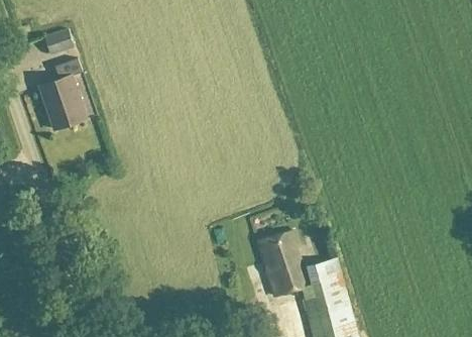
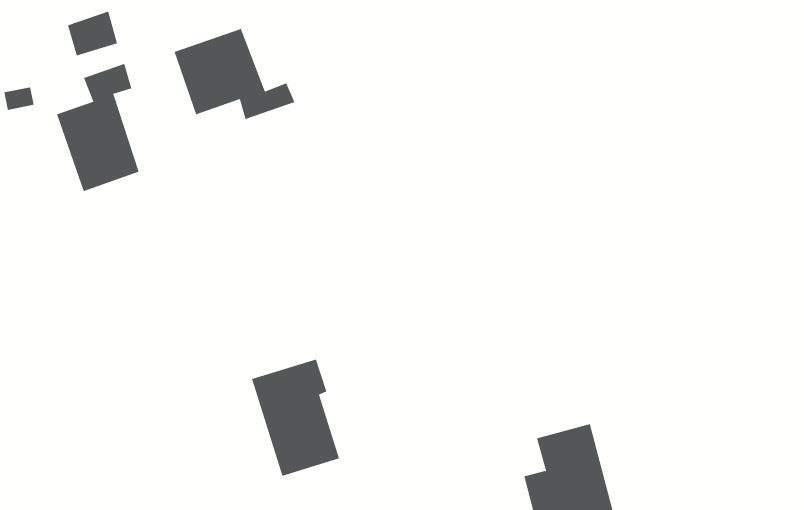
building: none -> [174,28,295,120]
building: [258,230,308,296] -> [251,359,340,476]

